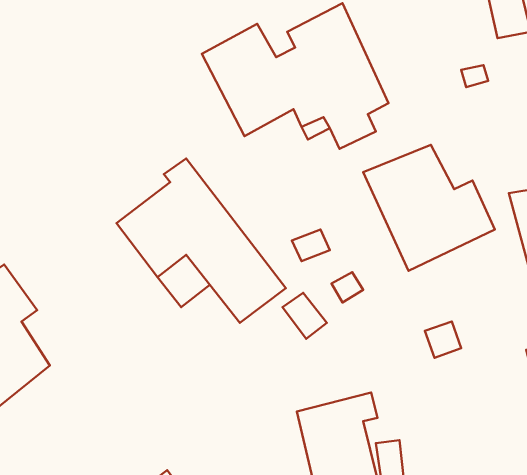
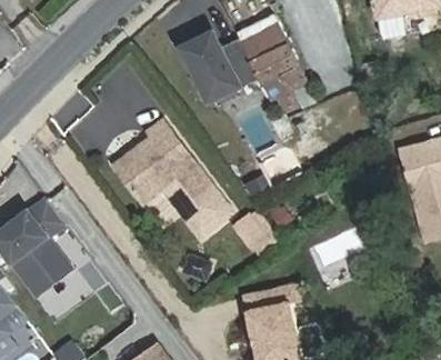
building: [363,145,495,271] -> none

